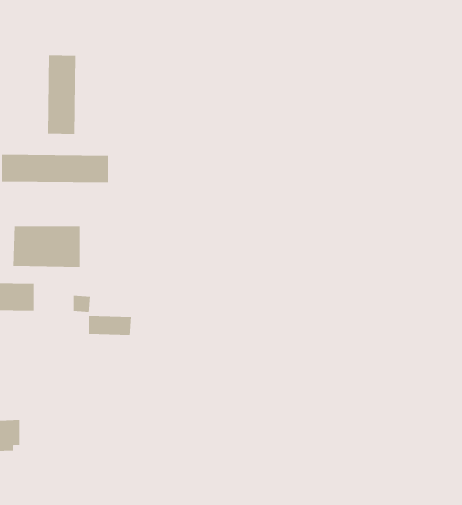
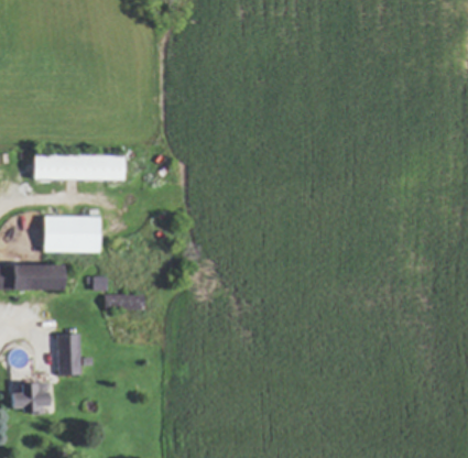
building: [47,55,76,135] -> none
building: none -> [59,334,84,375]

